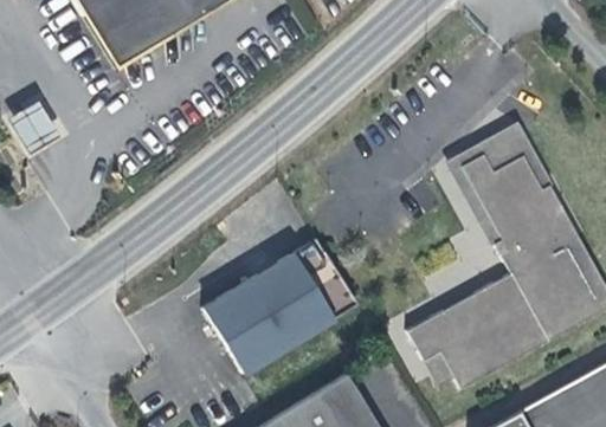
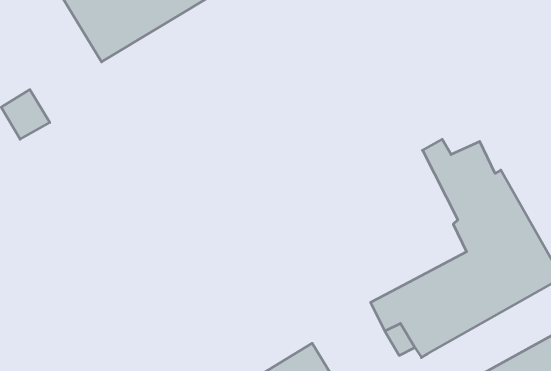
building: [447,124,552,246] -> none
building: [206,238,359,375] -> none

